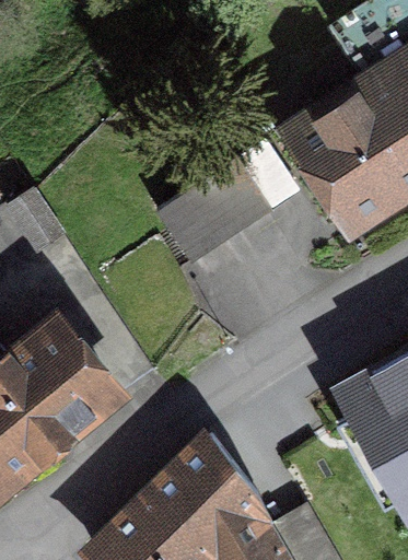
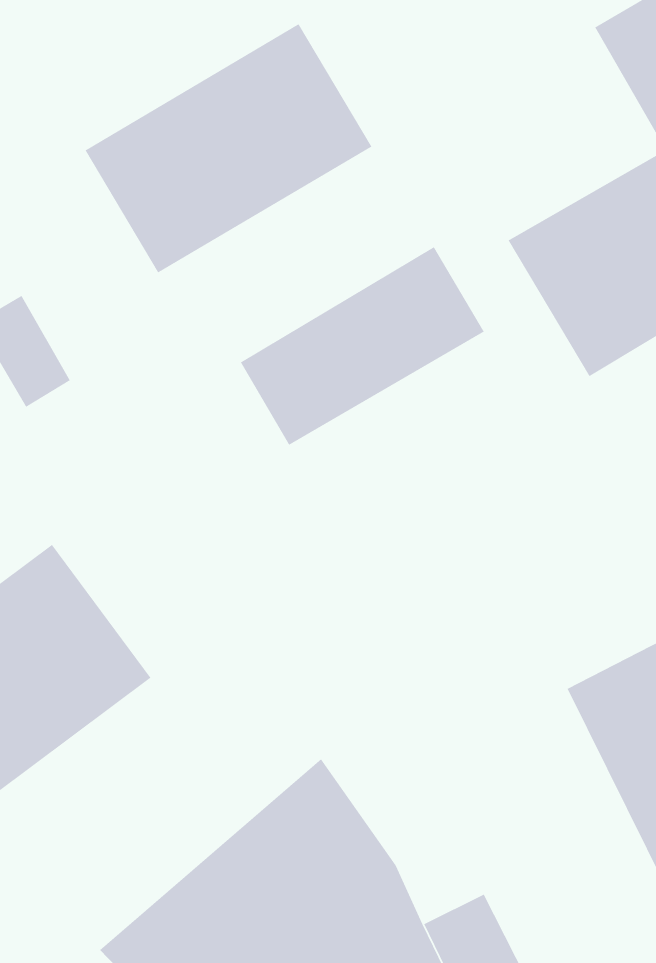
building: none -> [84,23,372,274]

